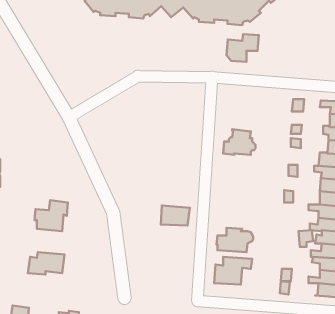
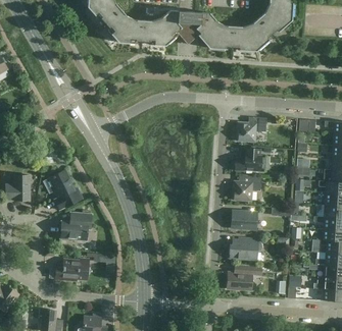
building: [227,34,259,62] -> [237,116,266,142]
building: none -> [50,169,83,209]
building: none -> [233,175,261,200]
building: [161,206,190,225] -> [231,210,257,228]

